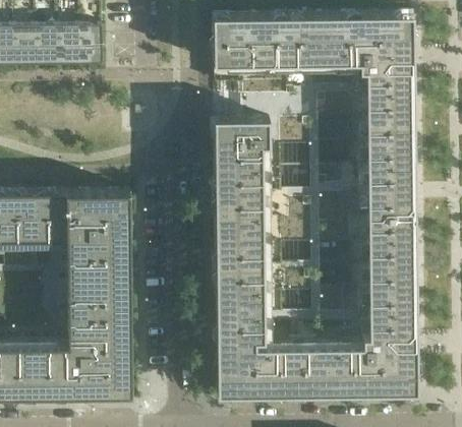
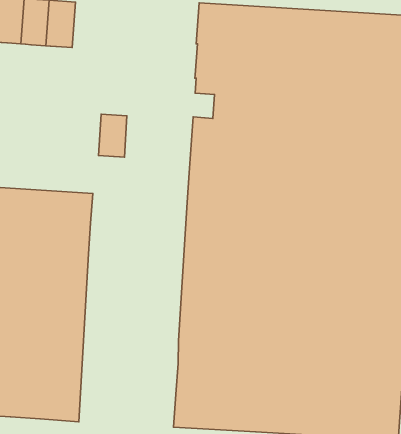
building: none -> [99,114,127,157]

